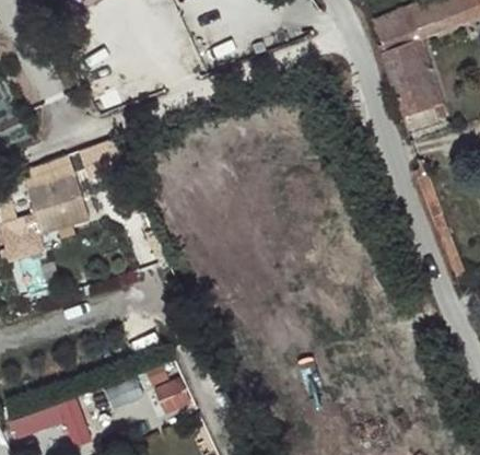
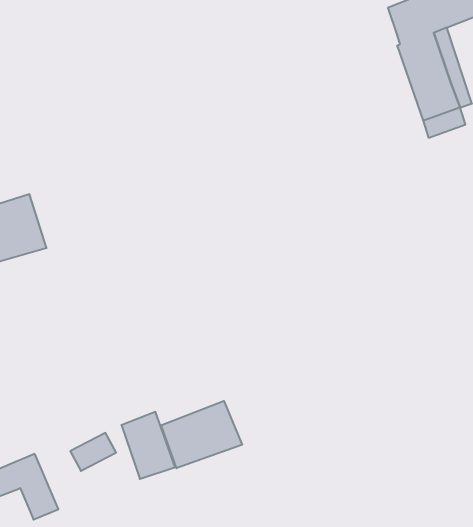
building: none -> [161,401,242,468]

